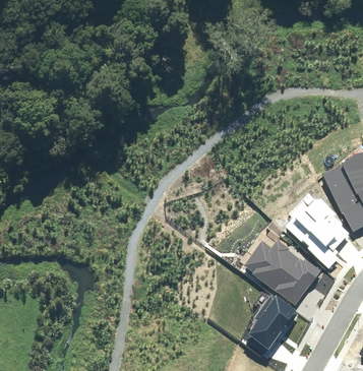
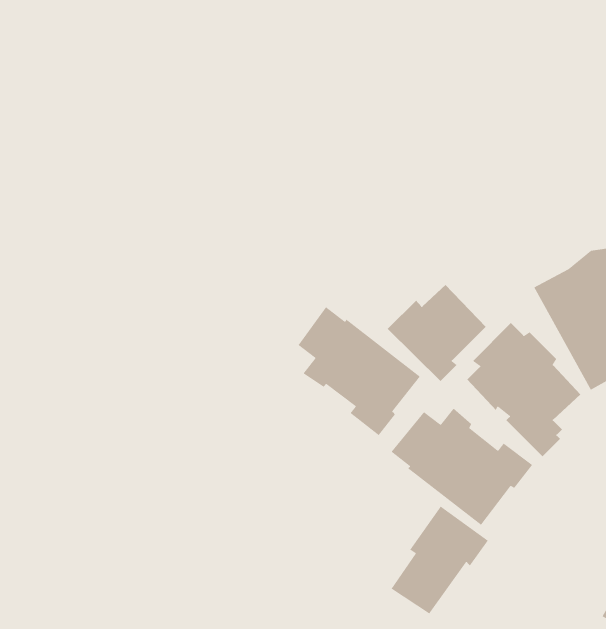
building: none -> [387,284,487,382]
building: none -> [298,306,421,436]

